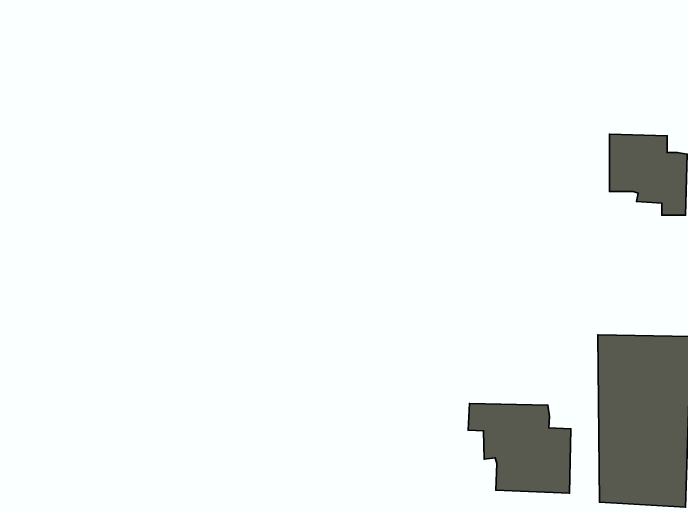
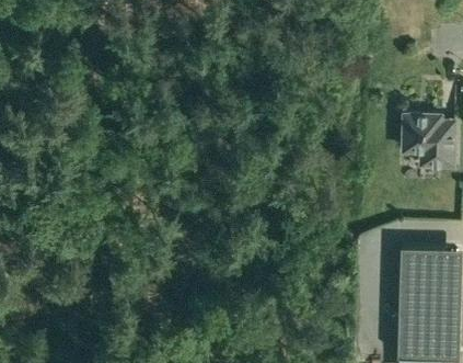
building: [468,404,571,493] -> none

